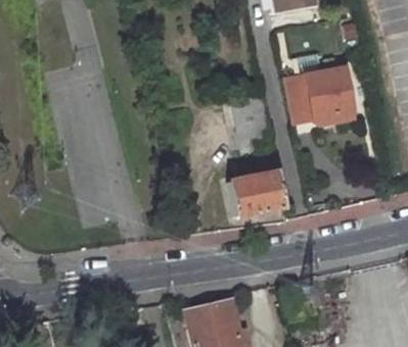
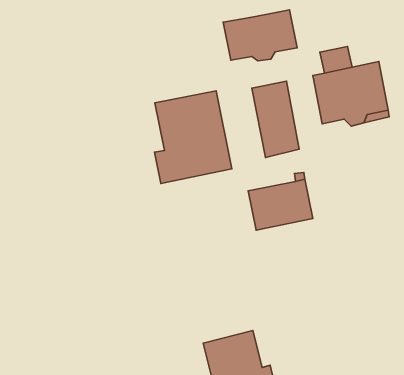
building: none -> [223,10,297,61]
building: none -> [154,91,232,184]

